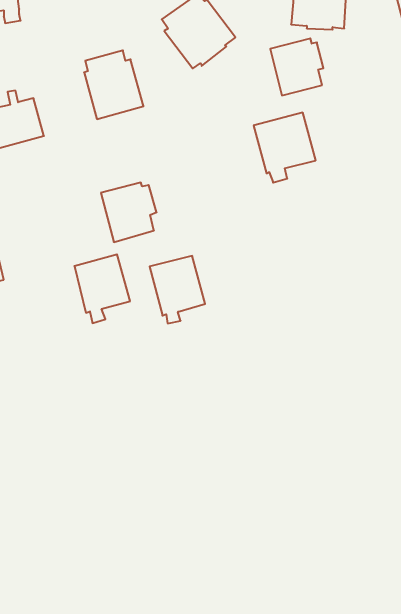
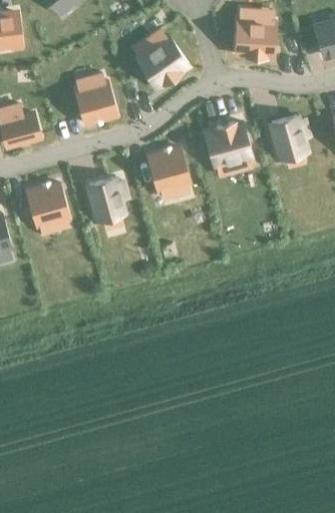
building: [270,38,323,95] -> [270,114,311,158]
building: [74,254,130,323] -> [27,181,70,234]
building: [150,256,205,323] -> [148,145,192,197]

